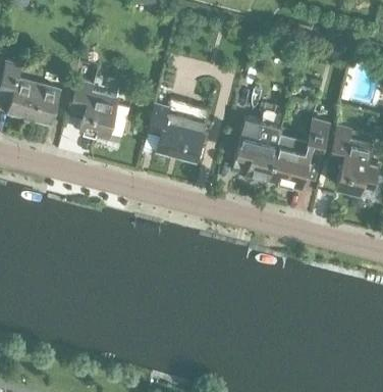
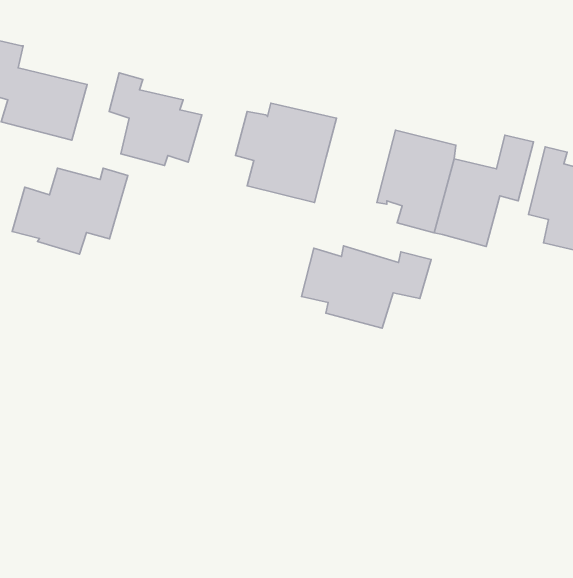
building: none -> [12,168,128,254]
building: none -> [301,246,431,328]

